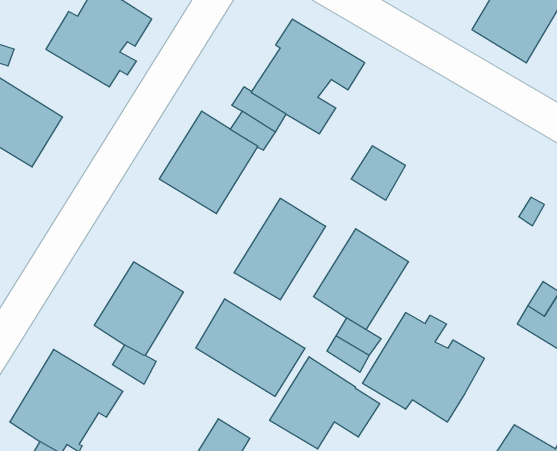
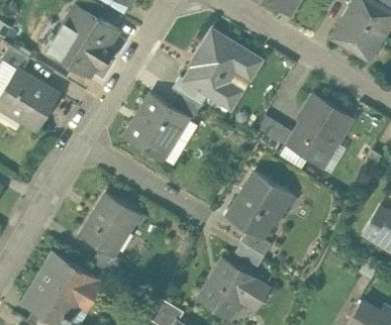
building: none -> [287,94,354,167]
building: [234,198,326,300] -> none
building: [196,299,305,396] -> none
building: [363,313,484,422] -> none

